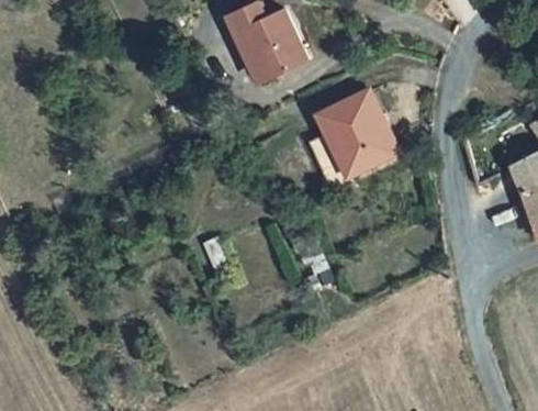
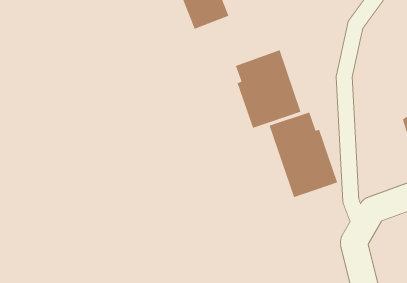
building: none -> [268,112,338,198]

